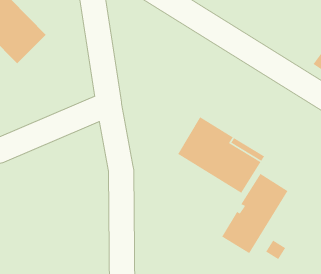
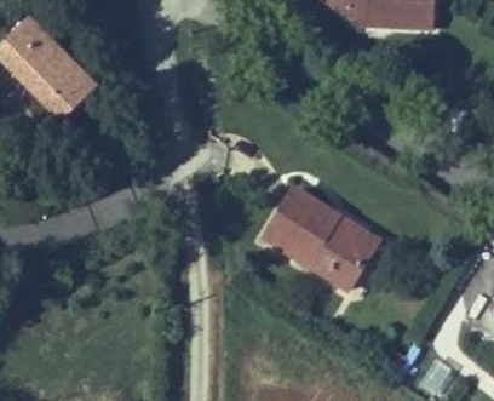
building: [221,173,288,254] -> none

